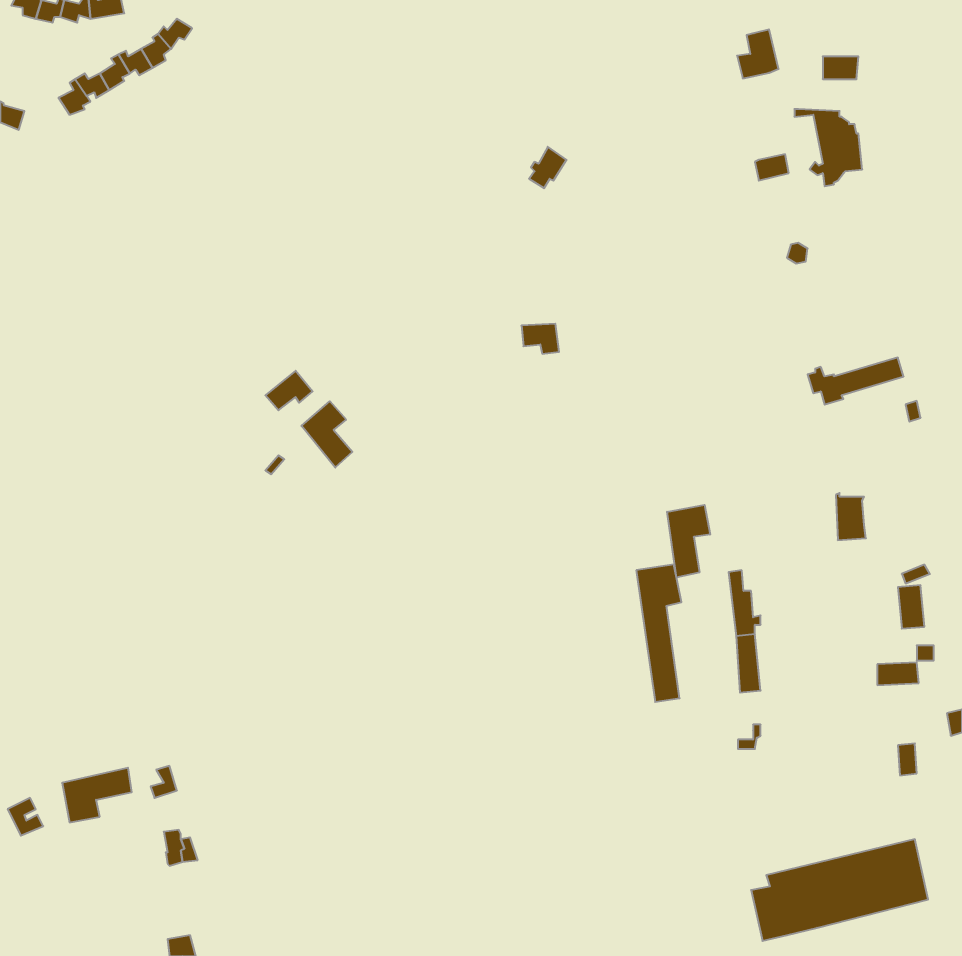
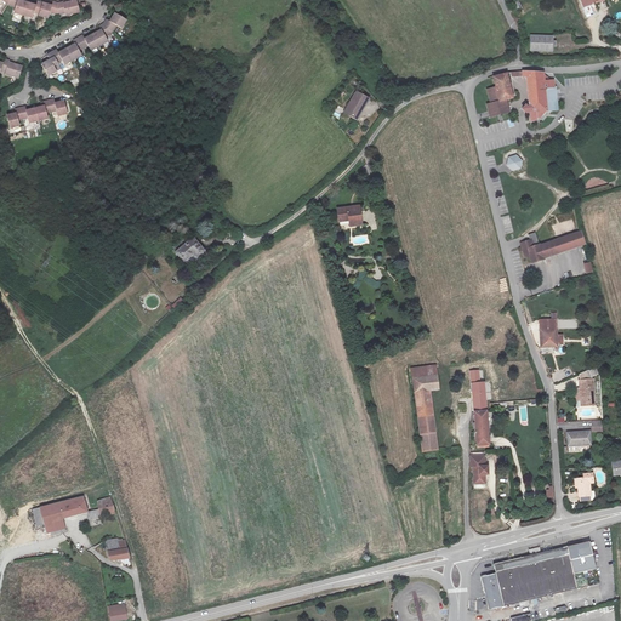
building: [737,29,779,78] -> [485,72,512,103]
building: none -> [5,97,67,125]
building: [301,401,352,468] -> none
building: [667,505,710,577] -> none

